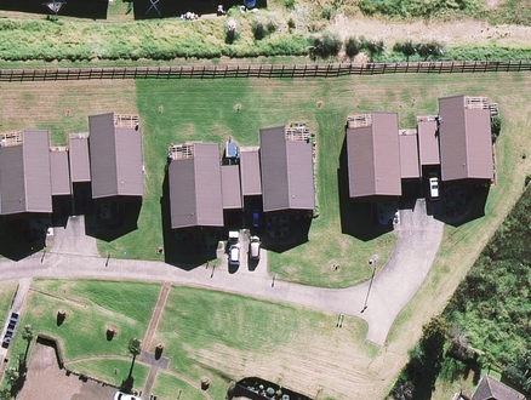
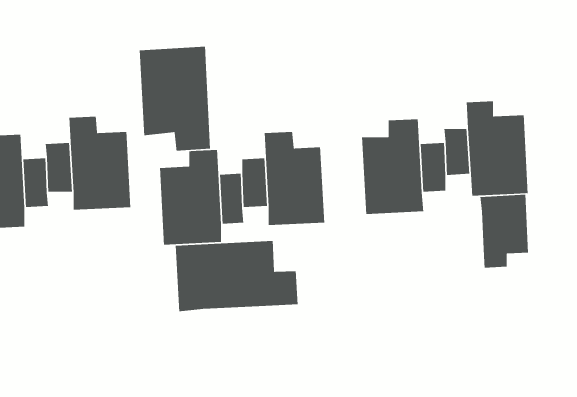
building: none -> [139,46,211,151]
building: none -> [480,194,529,269]
building: none -> [175,240,298,312]

